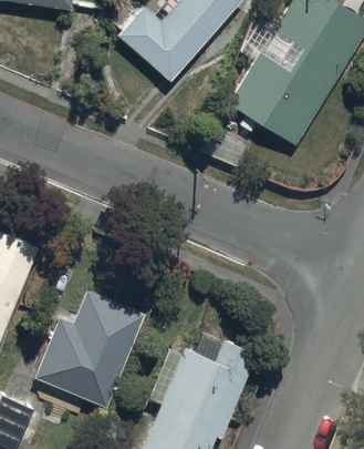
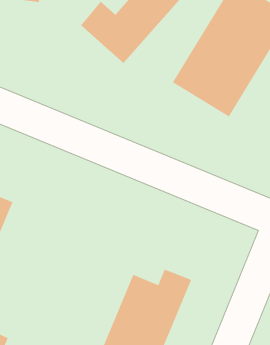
building: [35,294,144,408] -> none

